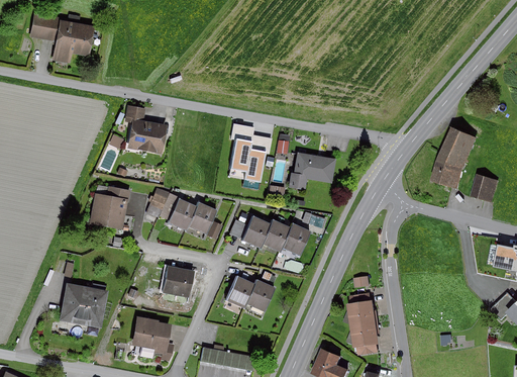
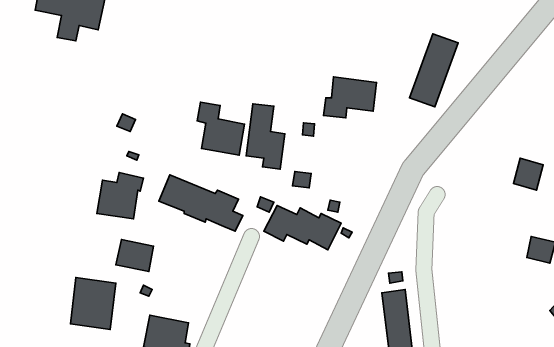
building: [124,105,168,154] -> [197,102,245,155]
building: [435,127,480,194] -> [410,34,458,107]
building: [288,153,336,190] -> [324,77,377,118]
building: [161,265,195,294] -> [116,239,153,271]
building: [226,275,276,313] -> none

